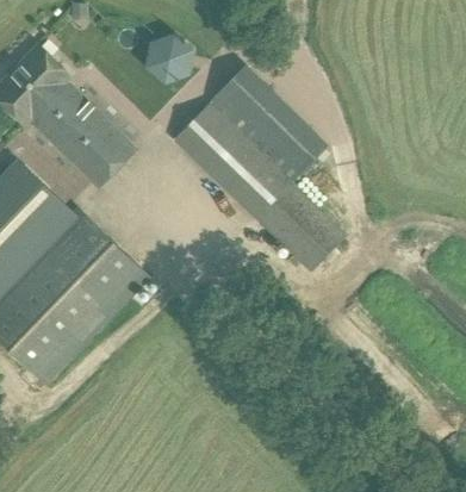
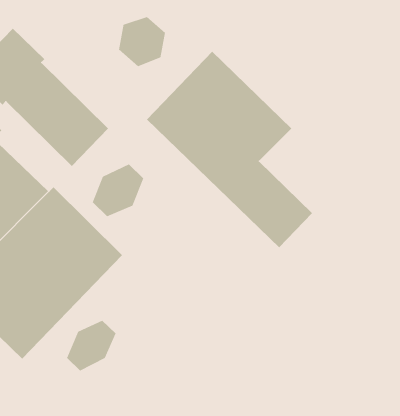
building: none -> [92,164,144,217]
building: none -> [66,320,116,371]

